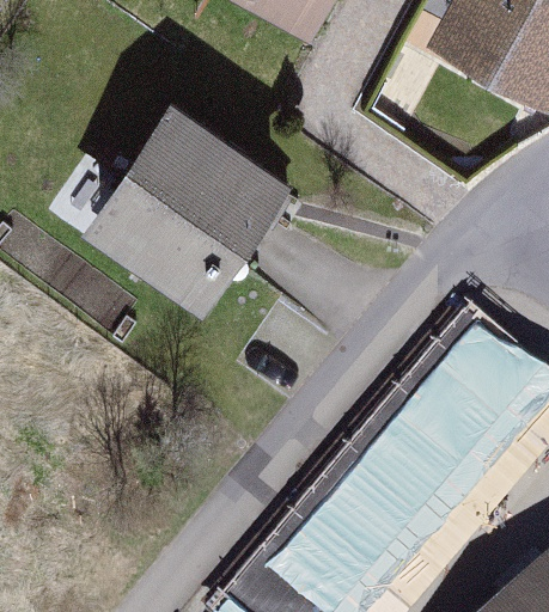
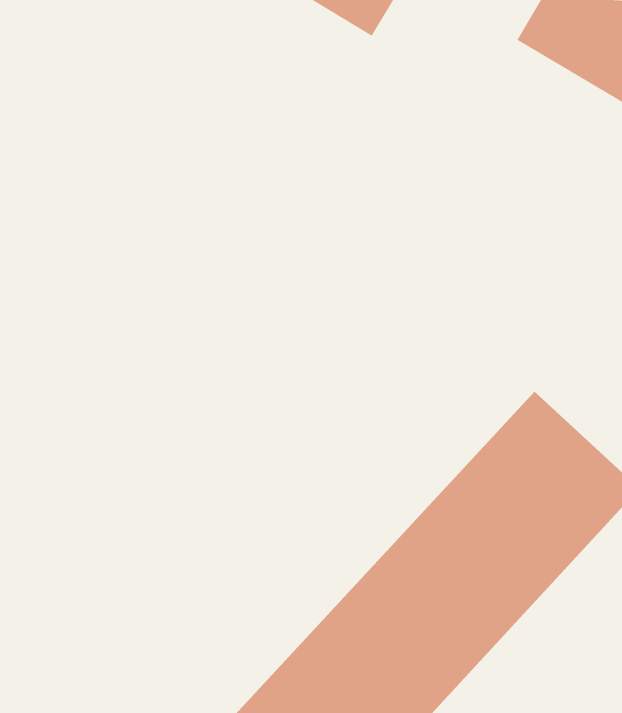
building: [85,98,297,310] -> none

